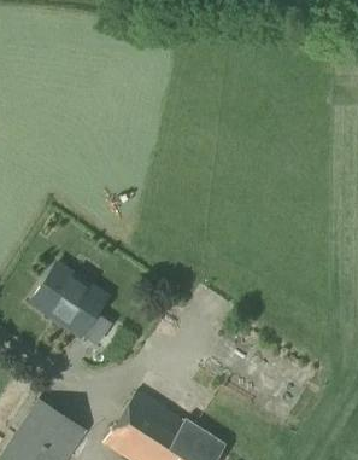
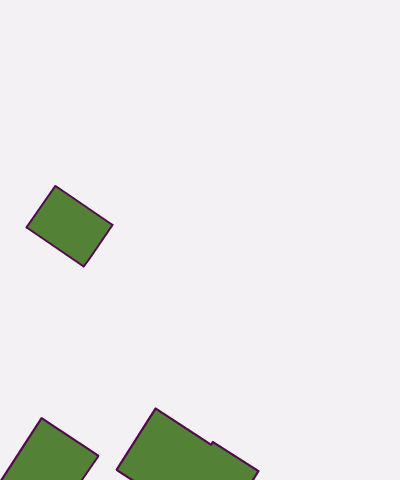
building: [33,266,107,336] -> [26,186,113,267]

